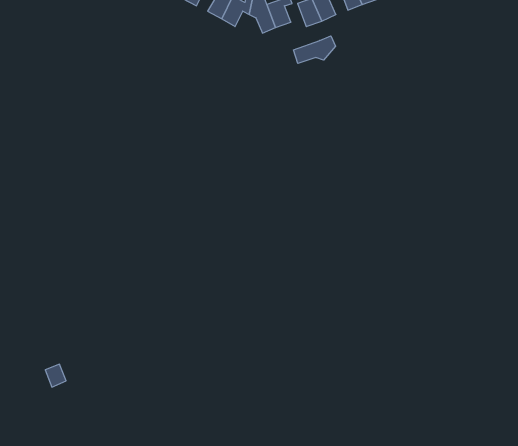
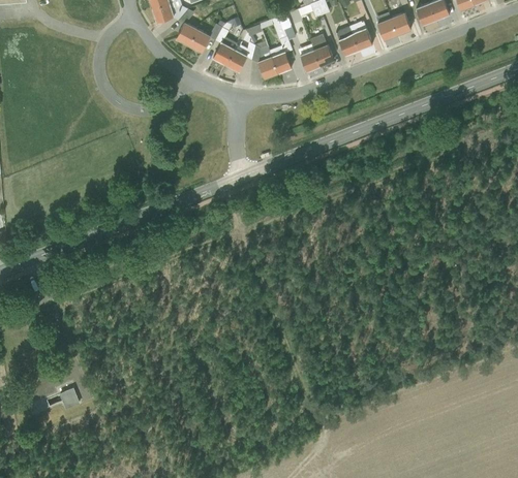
building: [294,36,335,63] -> none

